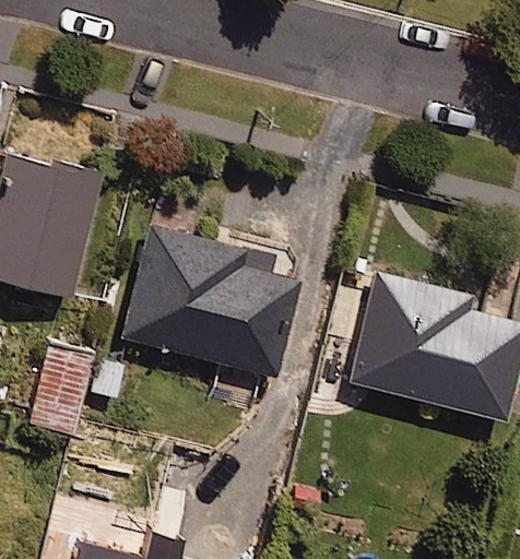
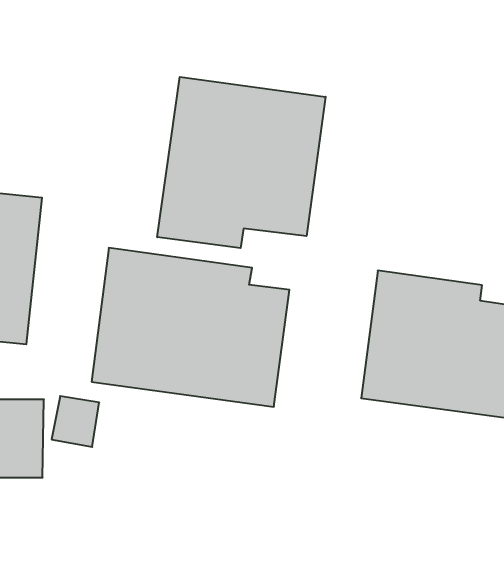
building: none -> [157,77,326,248]

